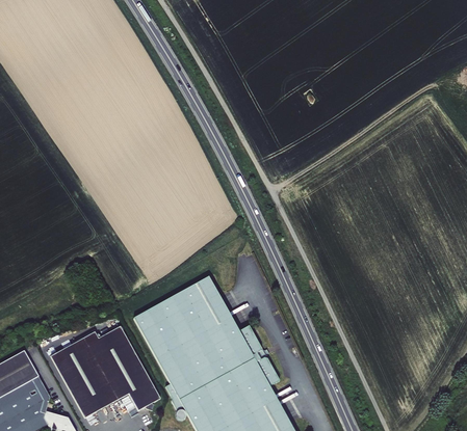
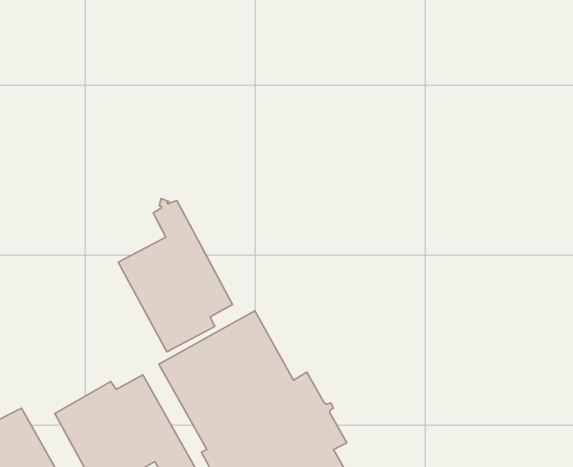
building: none -> [118,198,232,352]

